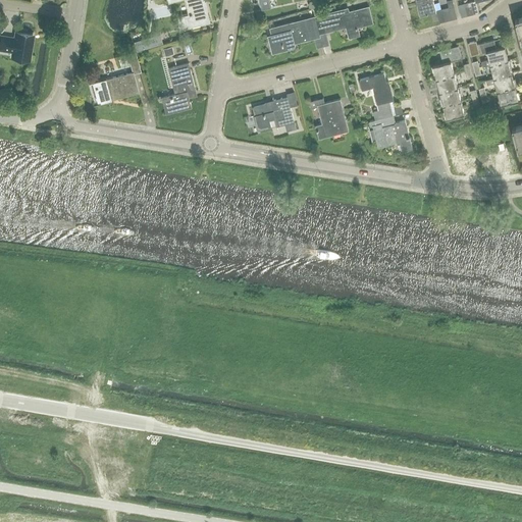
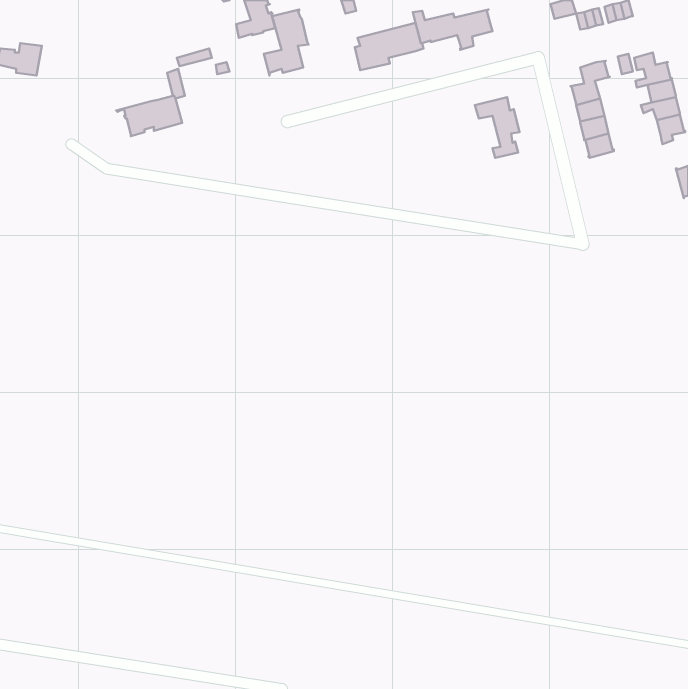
building: [161,63,195,113] -> [264,9,308,76]
building: [252,97,296,132] -> none
building: [308,98,348,139] -> none
building: [368,115,411,151] -> none

